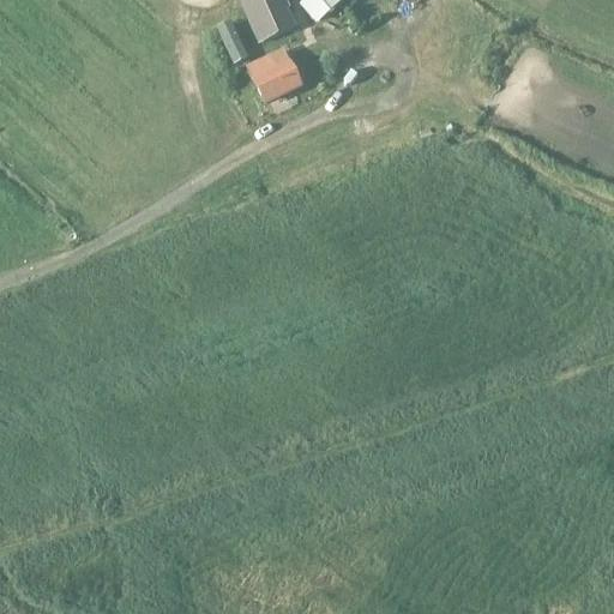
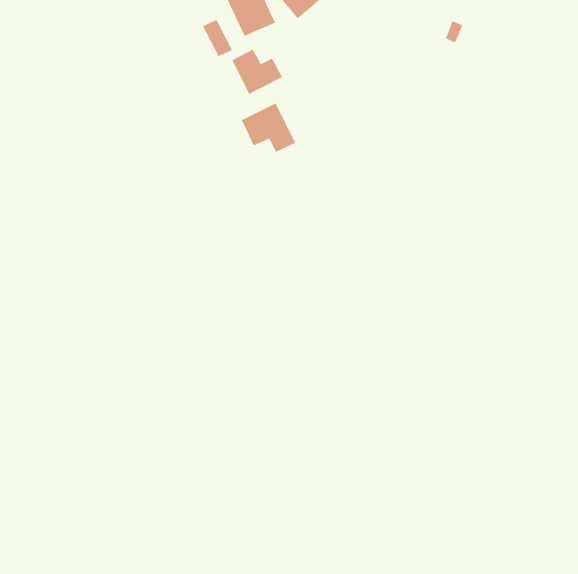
building: none -> [241,103,296,153]

